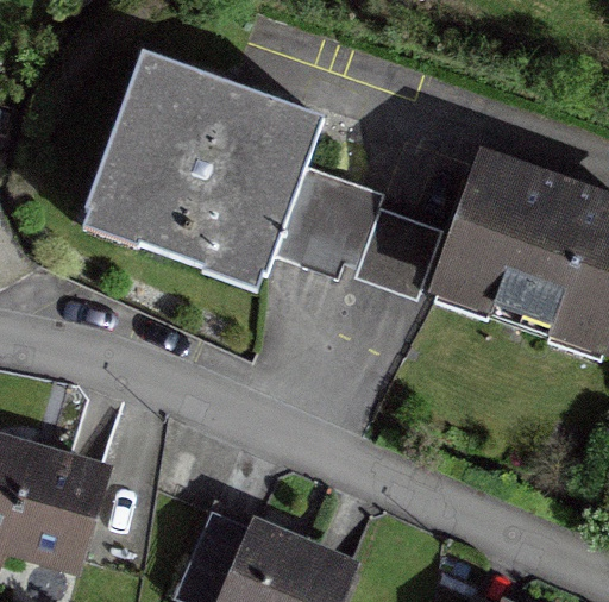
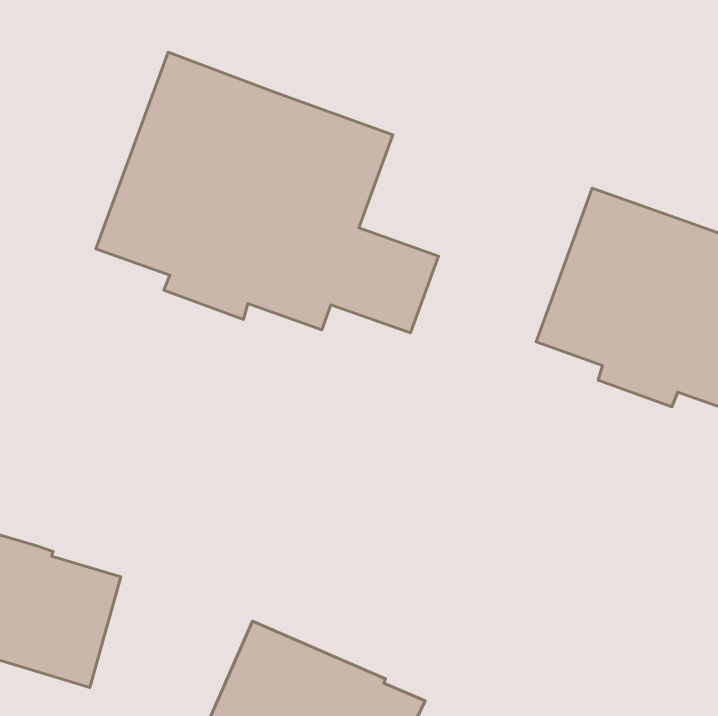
building: [356,206,442,290] -> none

